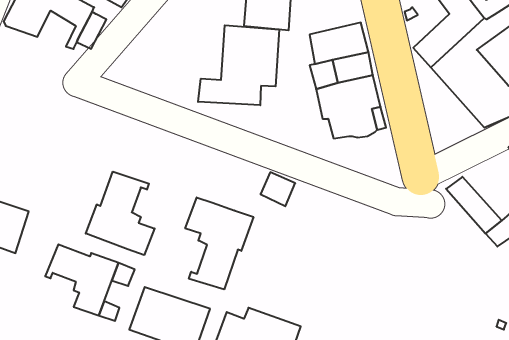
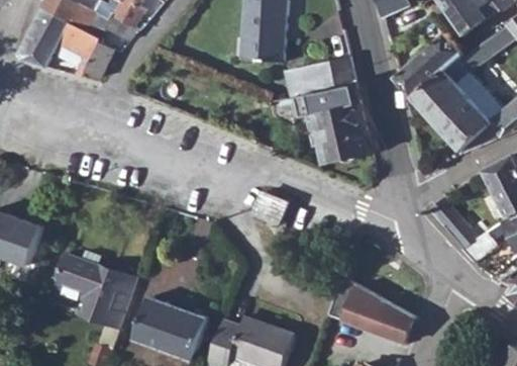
building: [198,25,279,105] -> none
building: [86,172,155,255] -> none
building: [185,197,253,289] -> none
building: none -> [327,278,415,342]

